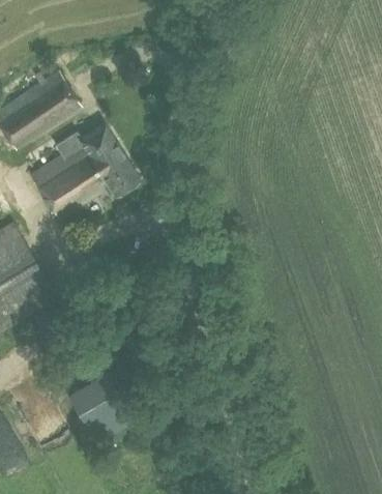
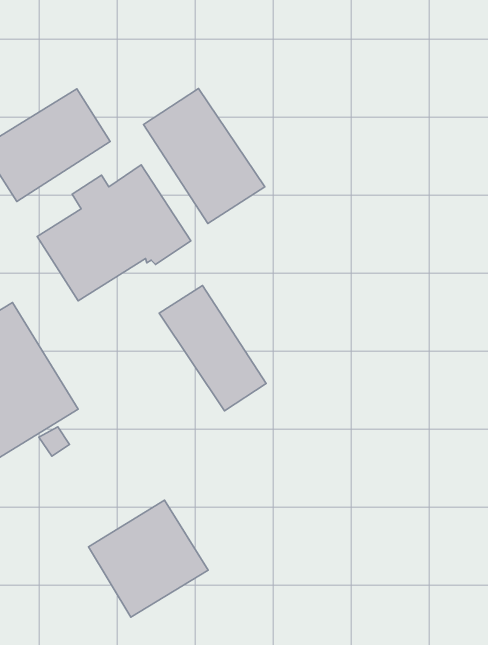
building: none -> [144,89,265,223]
building: none -> [159,285,266,411]

